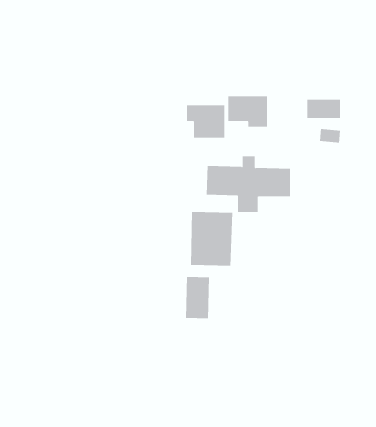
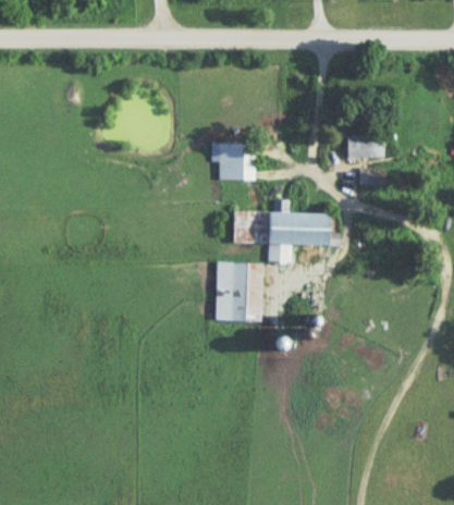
building: [228,95,267,128] -> none
building: [186,276,209,319] -> none

